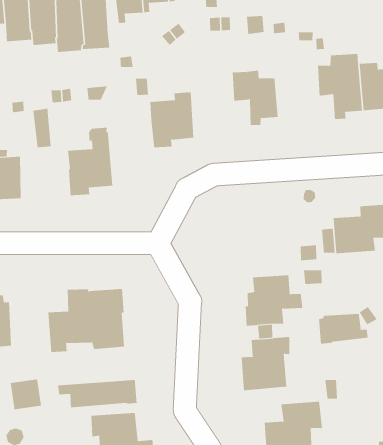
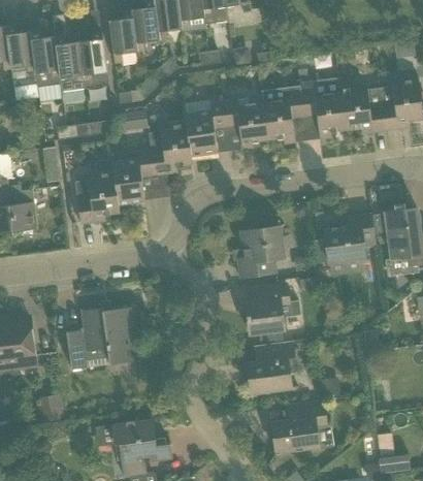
building: none -> [260,86,303,145]
building: none -> [184,101,225,164]
building: none -> [111,150,154,205]
building: none -> [236,227,283,278]
building: [319,313,368,344] -> none
building: [58,379,137,408] -> none

